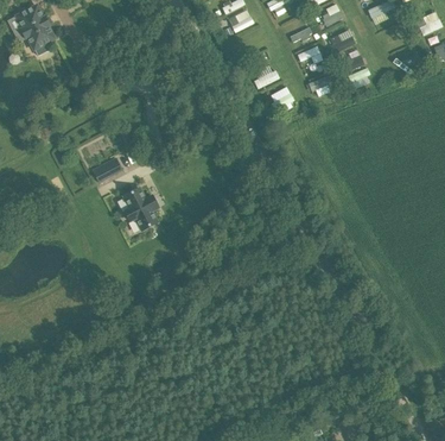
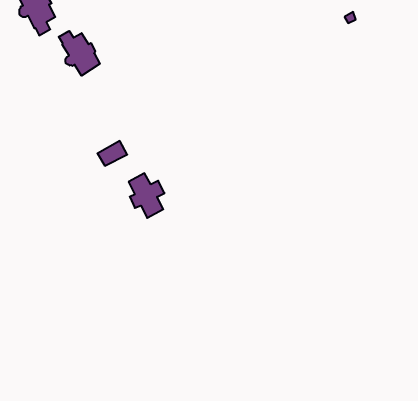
building: none -> [59,31,100,76]

